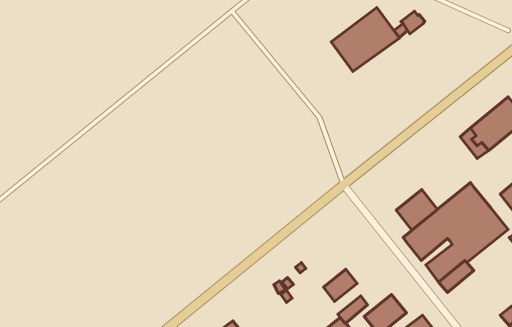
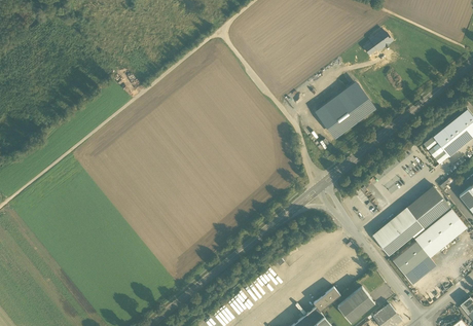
building: [331,7,400,71] -> [315,81,376,139]
building: [396,190,437,230] -> none
building: [323,269,357,302] -> none

